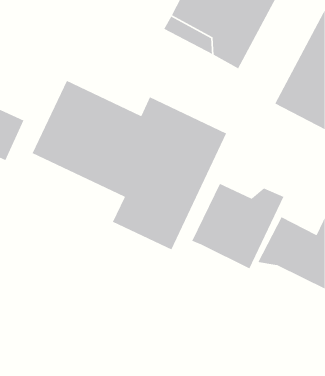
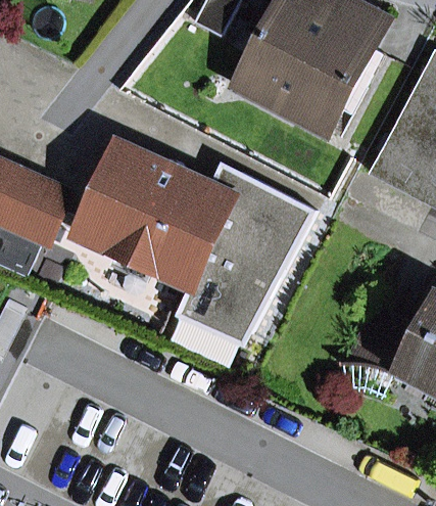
building: [191,183,284,270] -> none

